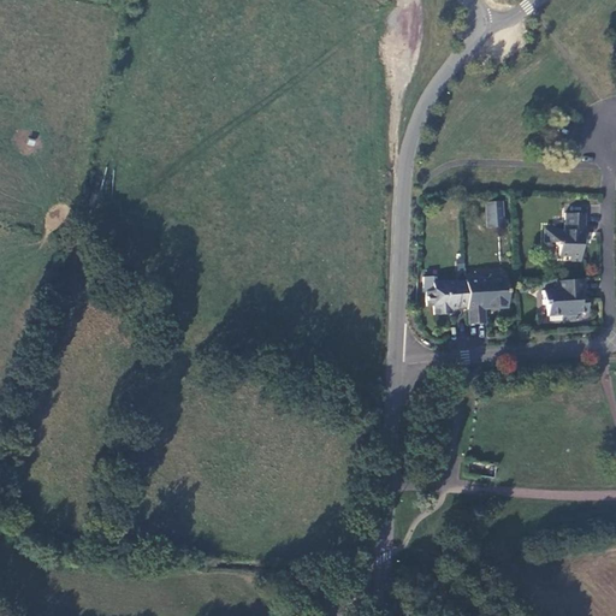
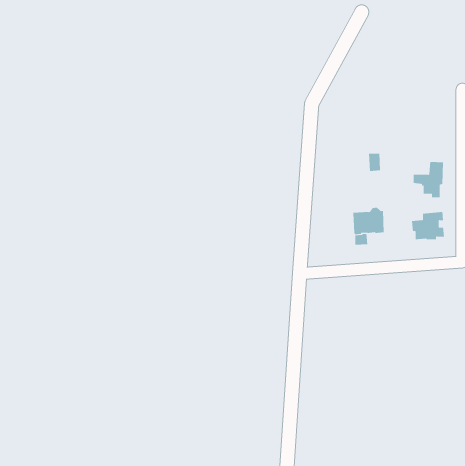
building: [425,277,468,314] -> none

